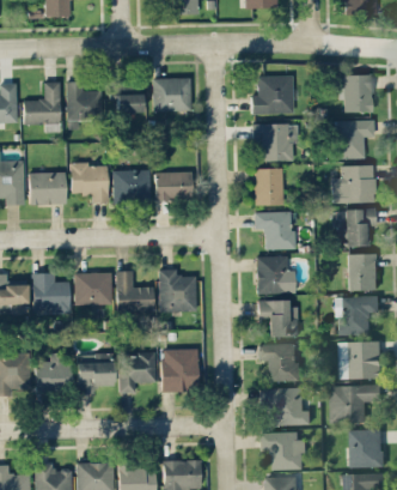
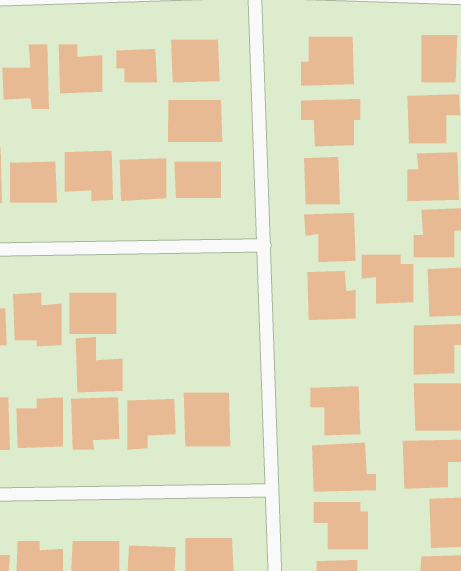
building: none -> [167,99,223,143]
building: [158,268,196,311] -> none
building: [116,270,153,313] -> [75,336,123,393]
building: [257,300,298,338] -> [361,254,414,304]

